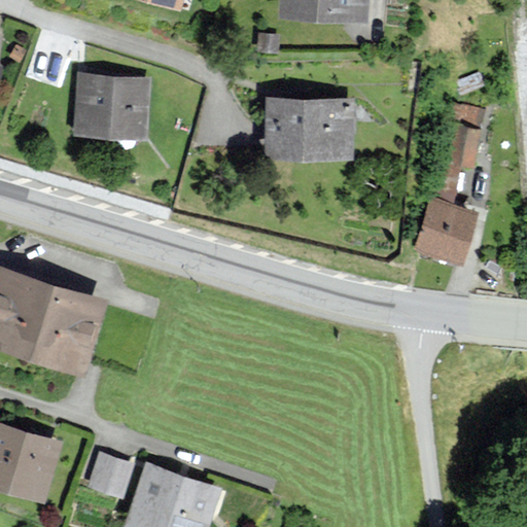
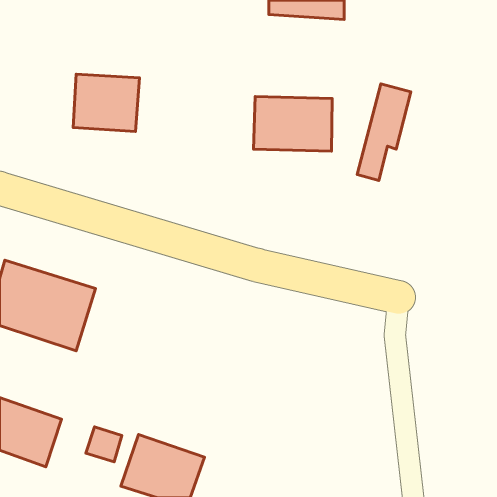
building: [429,96,486,198] -> [357,84,411,180]
building: [419,203,476,262] -> none

